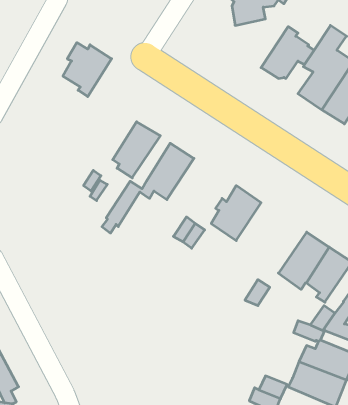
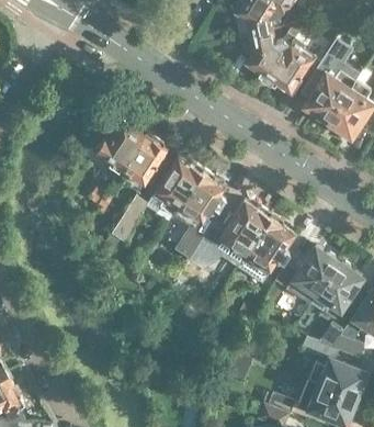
building: none -> [242,29,302,81]
building: [63,43,112,97] -> [93,120,143,175]
building: none -> [173,173,224,226]
building: none -> [237,218,294,284]

